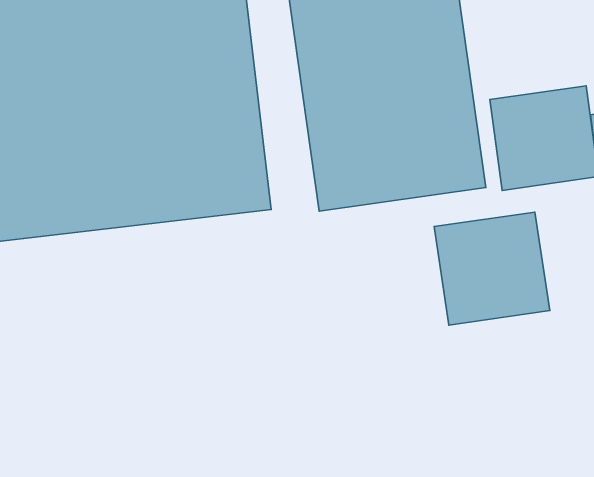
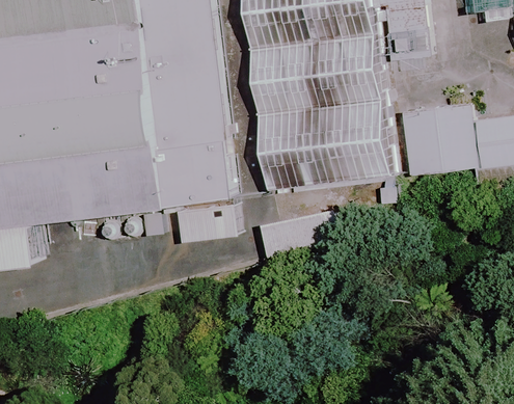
building: [434,212,550,325] -> none

